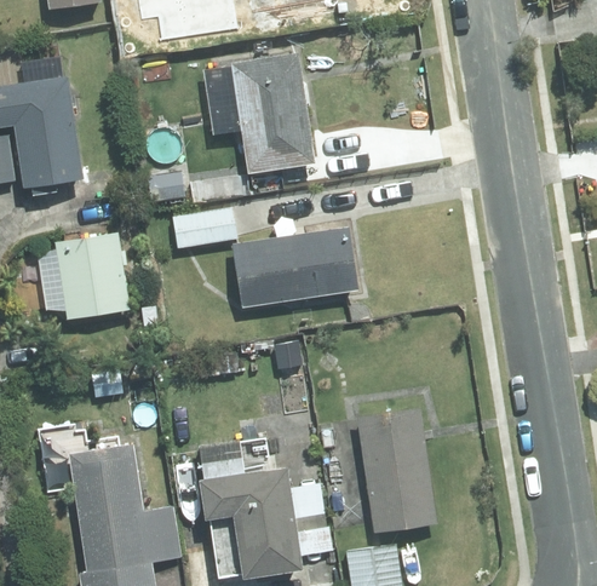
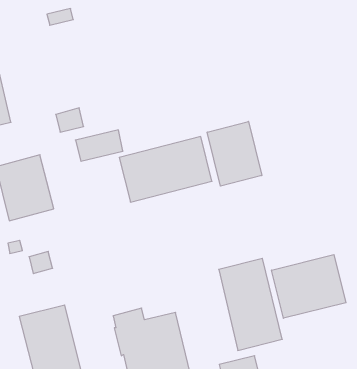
building: [231,53,315,174] -> none
building: none -> [207,121,262,186]
building: none -> [272,255,346,318]

